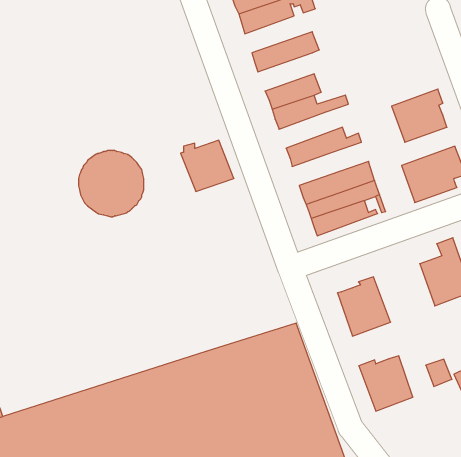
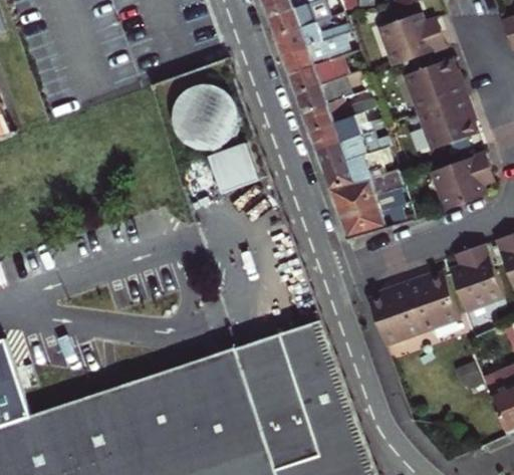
building: none -> [379,11,445,63]
building: none -> [274,12,351,56]
building: none -> [406,55,467,109]
building: none -> [287,56,347,94]
building: none -> [308,115,383,152]
building: [79,151,144,217] -> [176,84,241,151]
building: none -> [321,156,368,189]
building: [359,356,413,411] -> [403,270,457,325]

